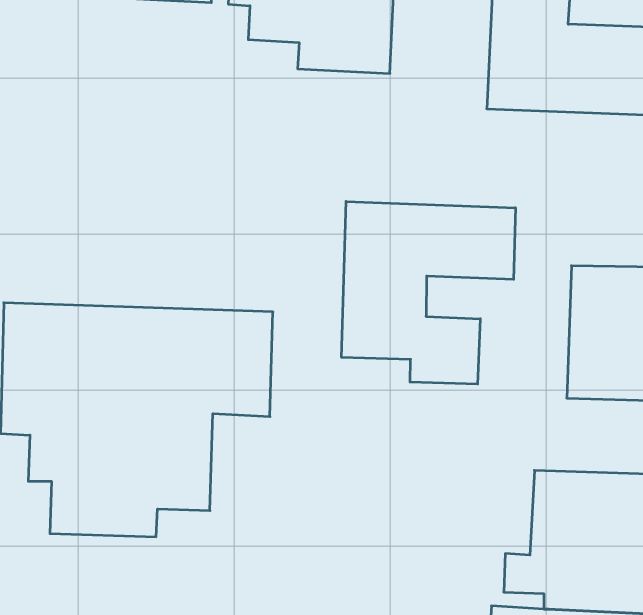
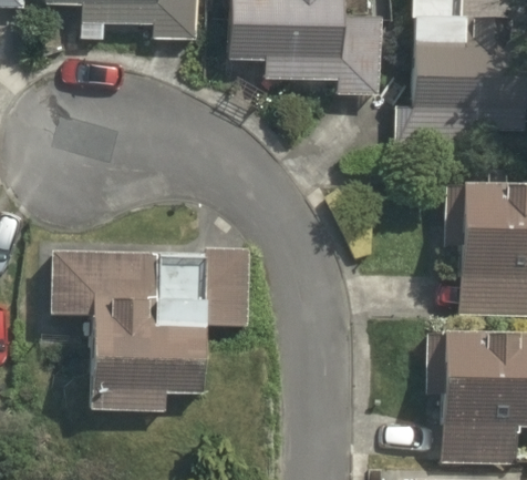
building: [342,201,515,384] -> none

